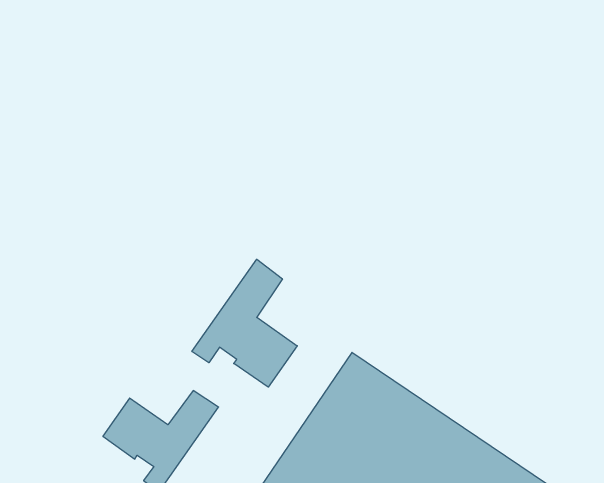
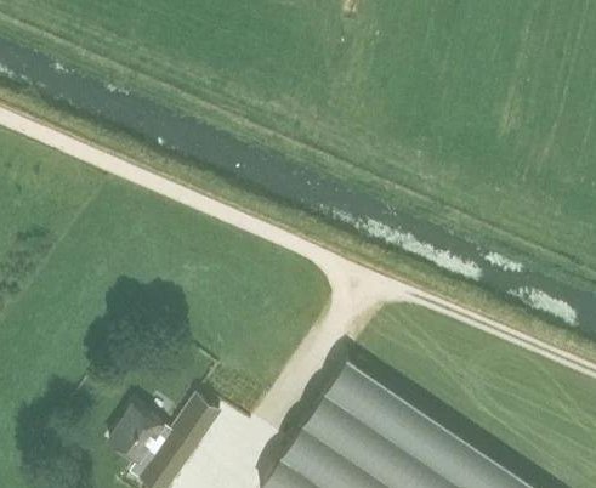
building: [192,259,297,387] -> none

